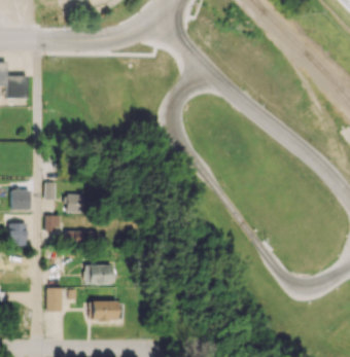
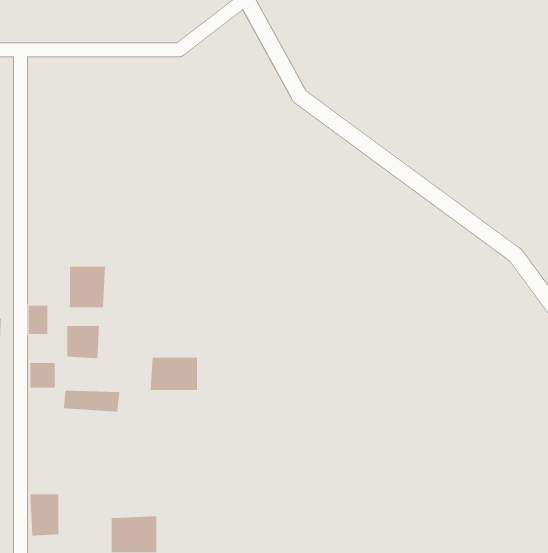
building: none -> [69,266,105,308]
building: [84,265,111,284] -> [150,357,198,390]

